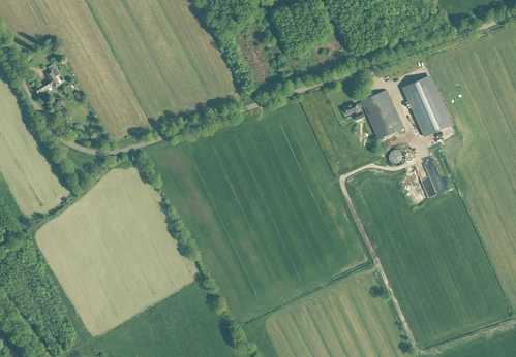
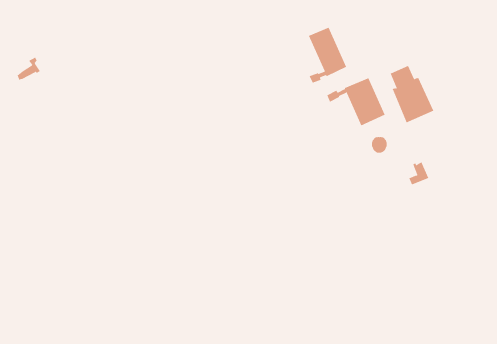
building: none -> [308,27,347,84]

